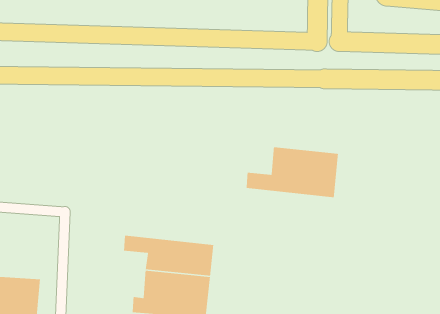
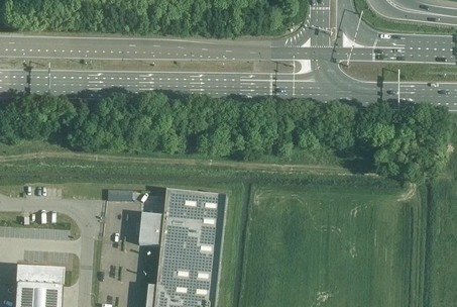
building: [246,147,339,198] -> [140,189,226,236]

